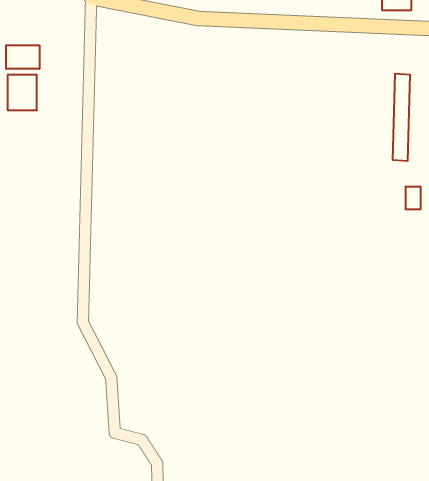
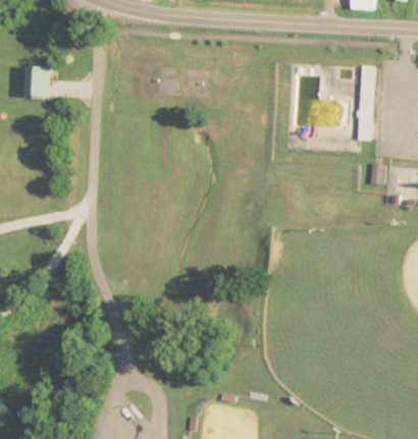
building: [6,45,39,69] -> none

